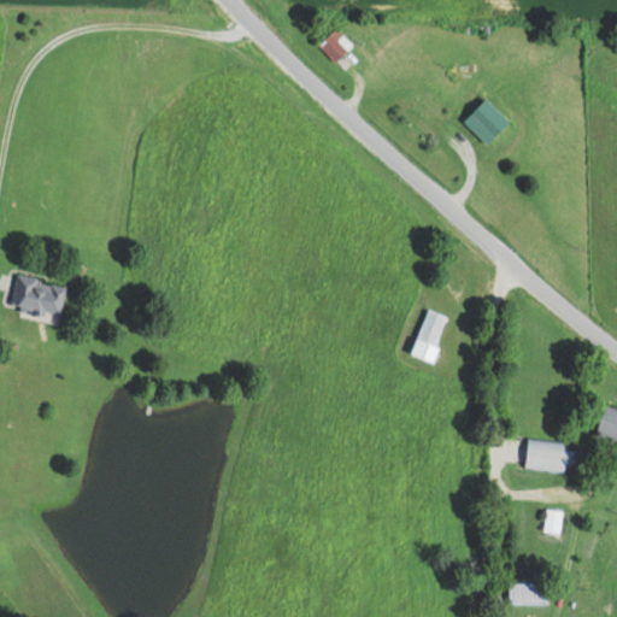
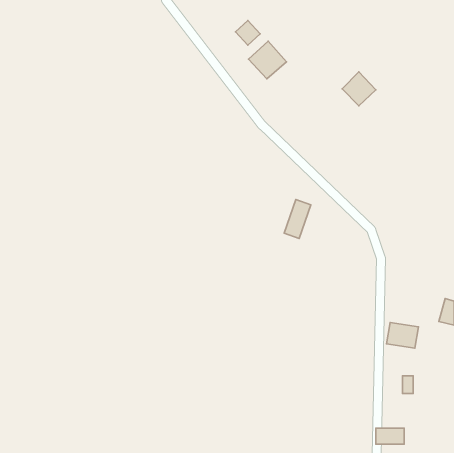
building: none -> [248,41,286,79]
building: [10,277,65,318] -> none
building: [411,310,447,363] -> [284,199,311,239]

